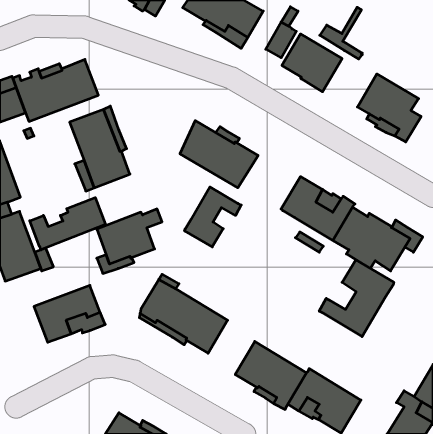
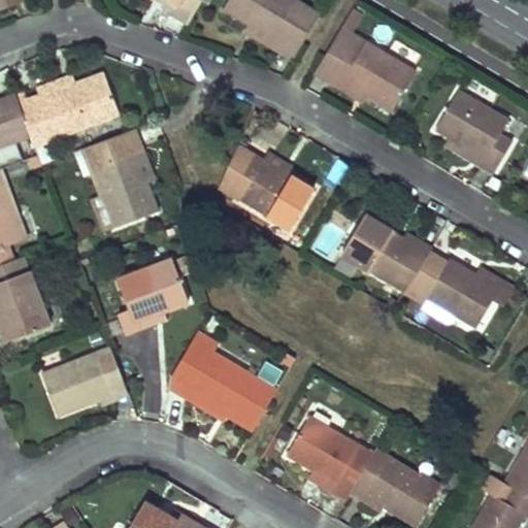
building: [320,7,362,59] -> [315,38,366,101]
building: [185,187,241,247] -> none
building: [30,198,105,250] -> none
building: [319,260,394,337] -> none

